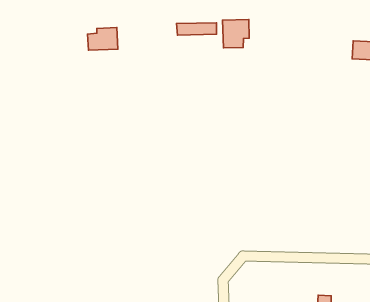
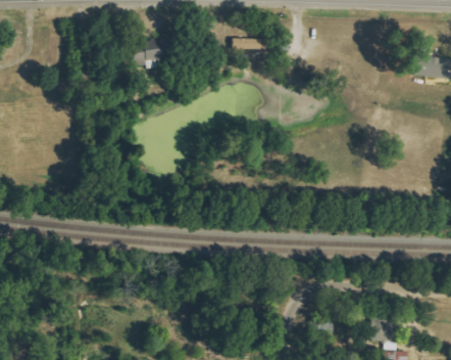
building: [222,20,249,48] -> none

